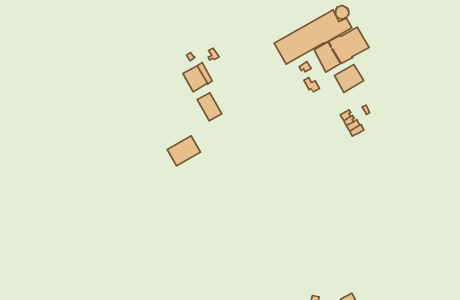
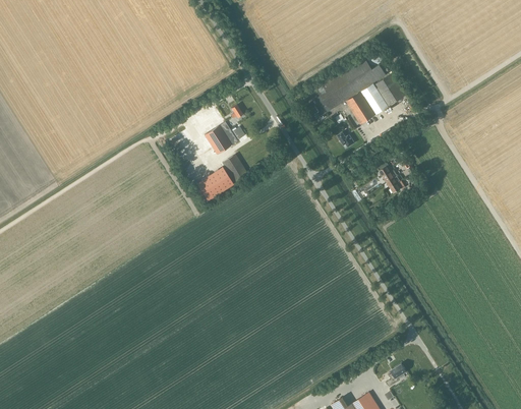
building: [334,65,364,92] -> none
building: [167,136,201,166] -> [195,168,232,201]

